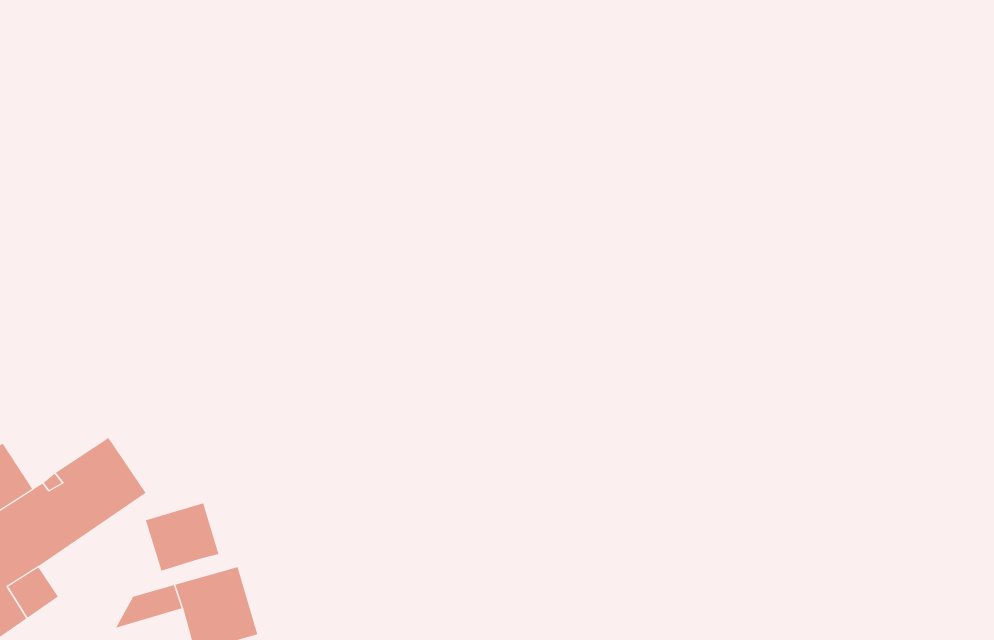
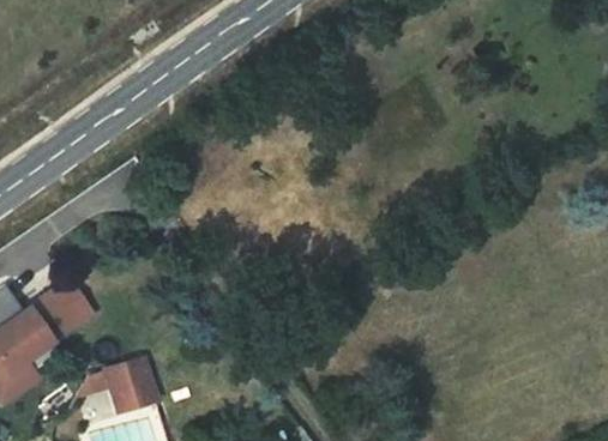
building: [145,503,219,572] -> none

